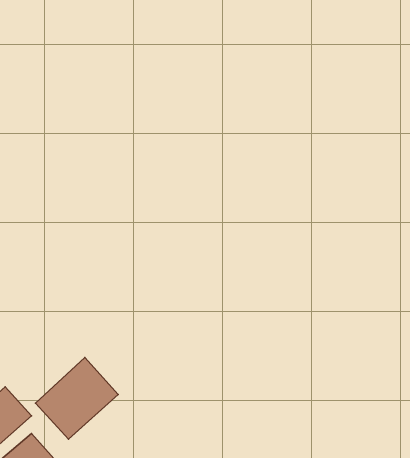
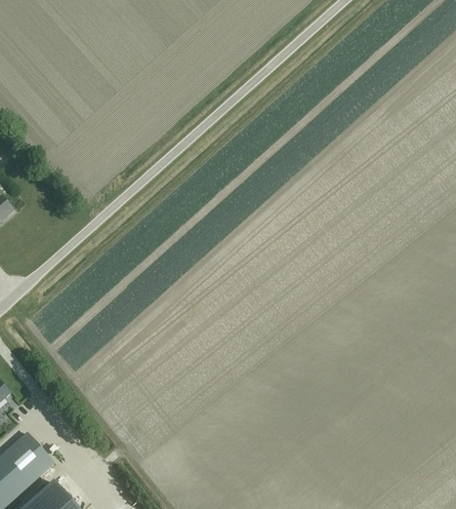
building: [35,357,118,439] -> none

